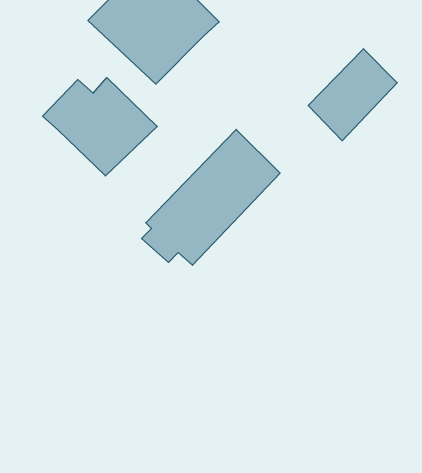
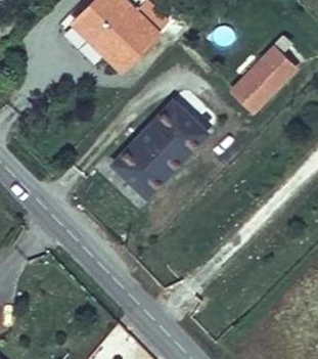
building: [43,78,157,176] -> none

